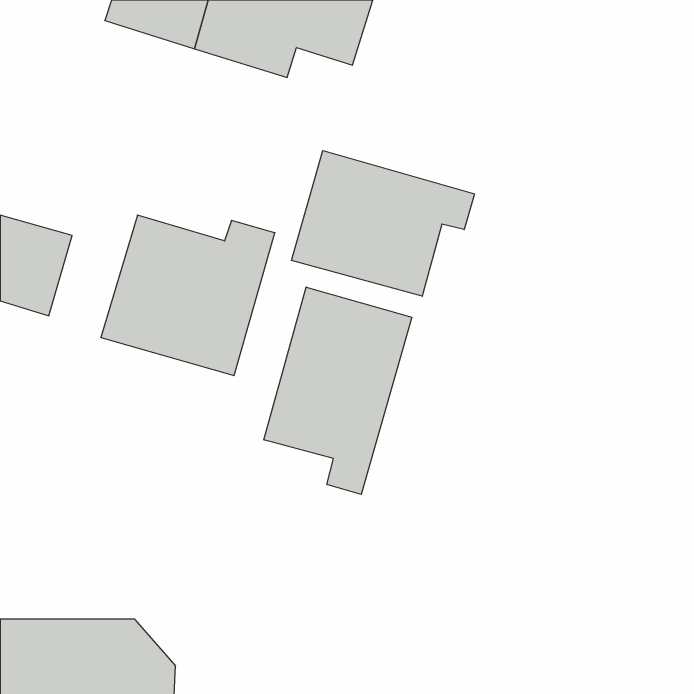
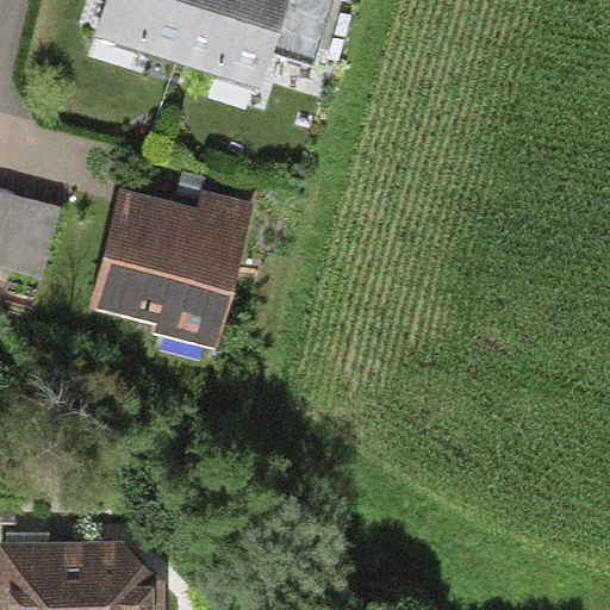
building: [292,151,474,296] -> none
building: [264,287,412,494] -> none

